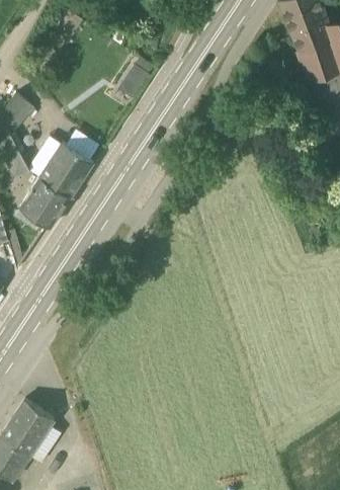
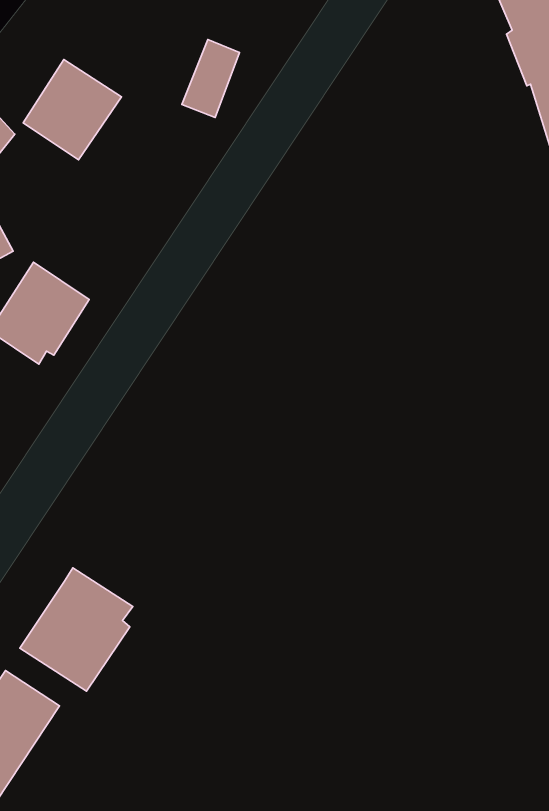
building: [39,142,93,196] -> [23,60,121,160]
building: none -> [20,568,133,691]

